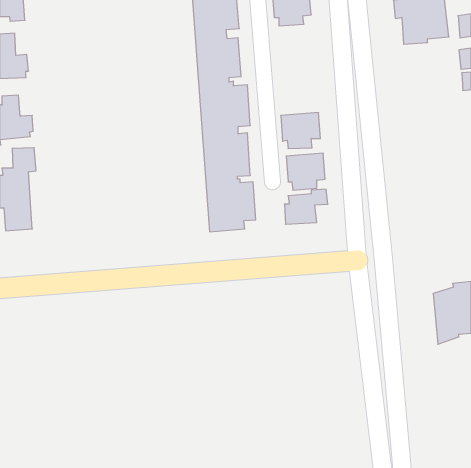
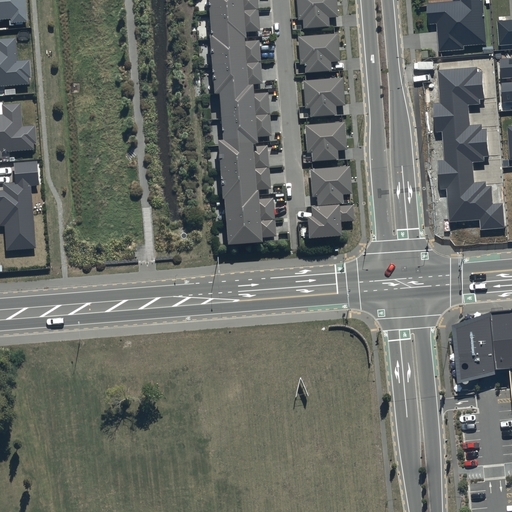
building: none -> [297,33,340,73]
building: none -> [430,62,504,227]
building: none -> [303,76,345,116]
building: none -> [453,318,474,377]

